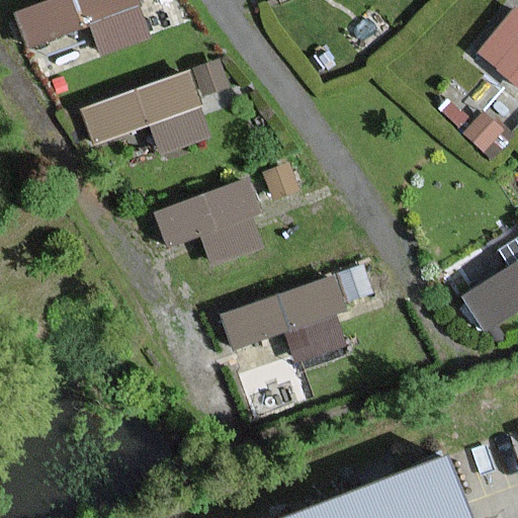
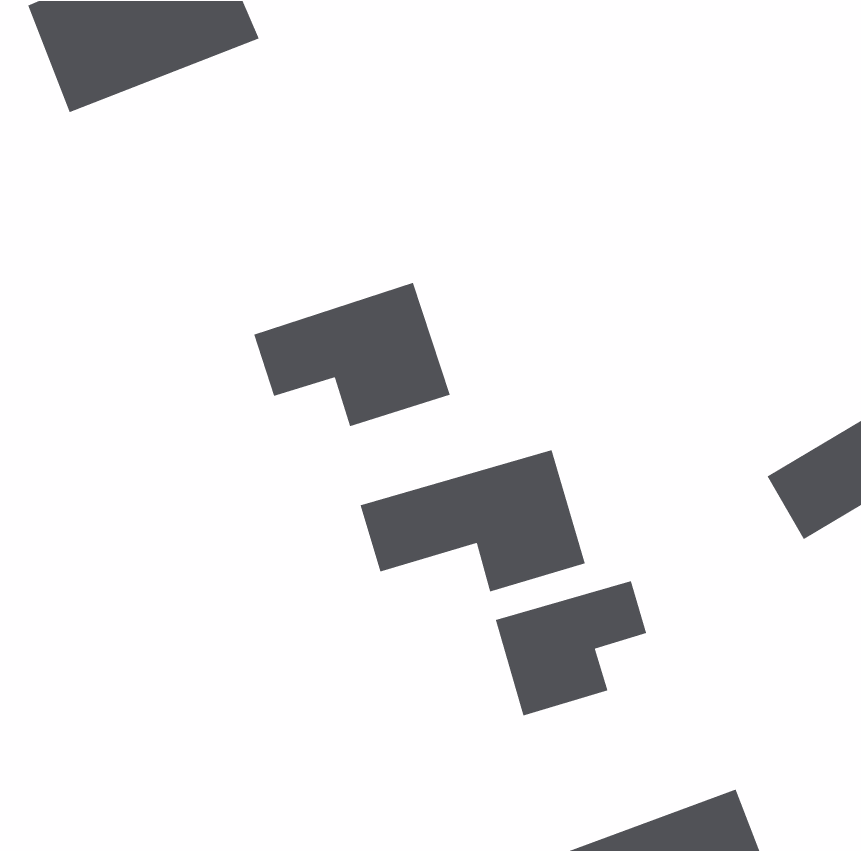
building: [79,57,232,153] -> none
building: none -> [495,580,647,716]

